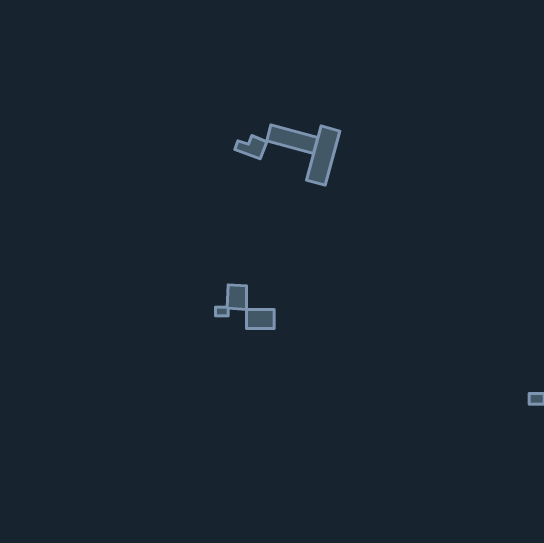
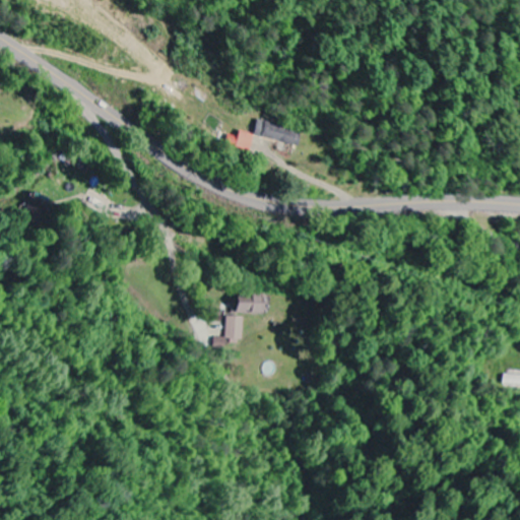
building: [306,126,340,185] -> none
building: [215,285,246,316] -> [214,316,244,345]

